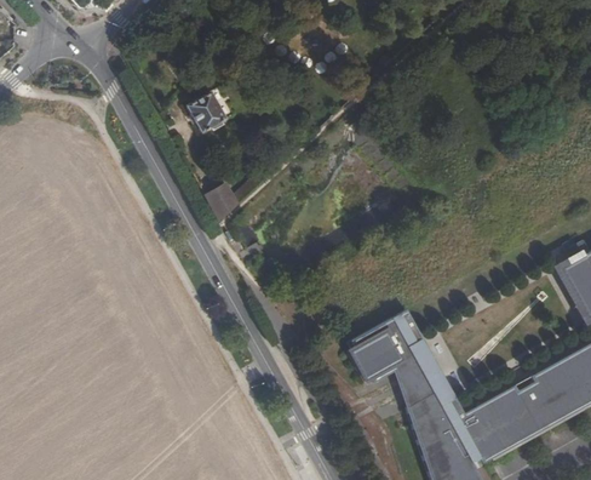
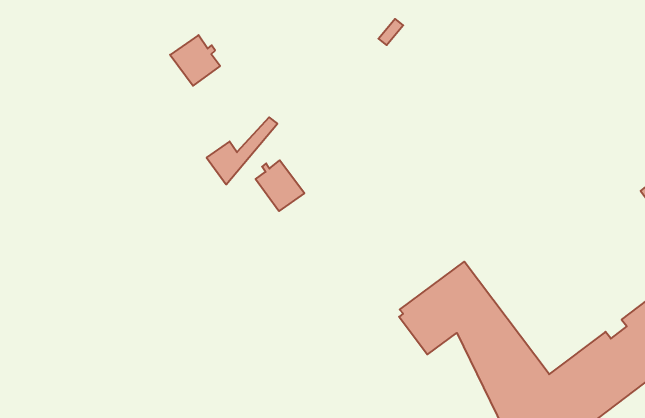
building: none -> [256,160,304,211]

